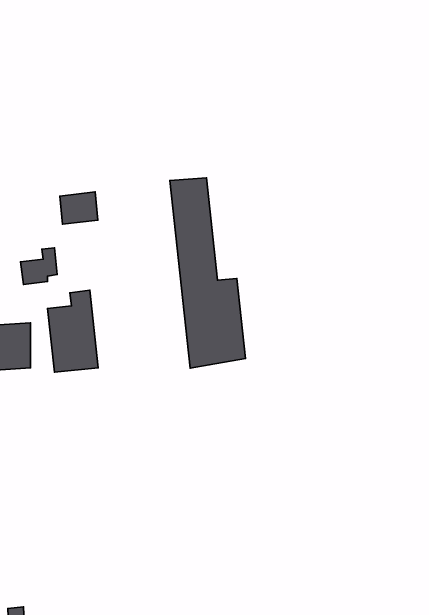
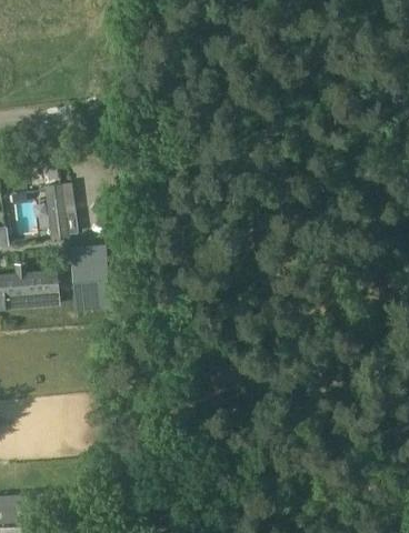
building: [170,178,245,368] -> none
building: [60,192,98,224] -> [44,183,74,209]

